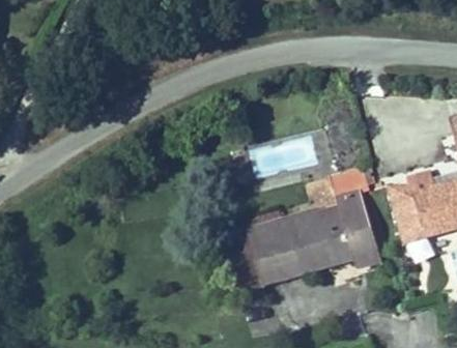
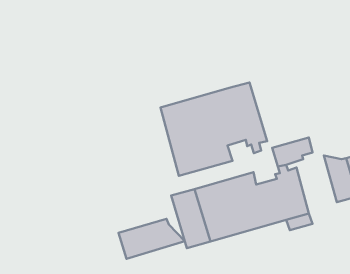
building: none -> [160,82,267,176]
building: none -> [118,219,185,259]

